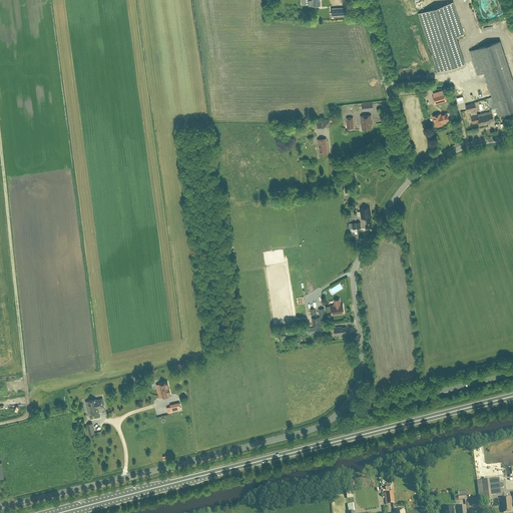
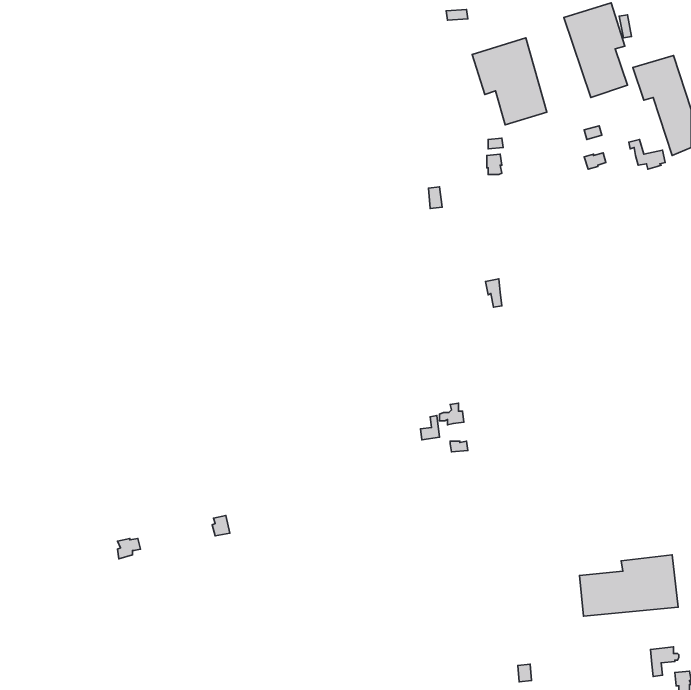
building: none -> [472,38,547,125]
building: none -> [580,555,678,616]

